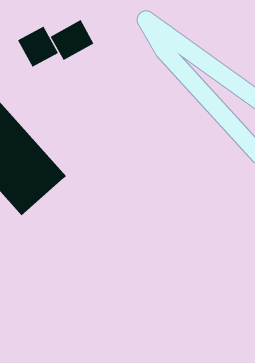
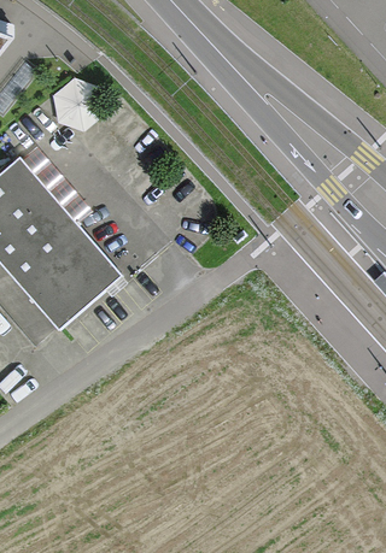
building: [50,19,94,61] -> none

